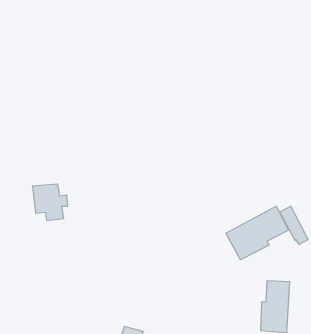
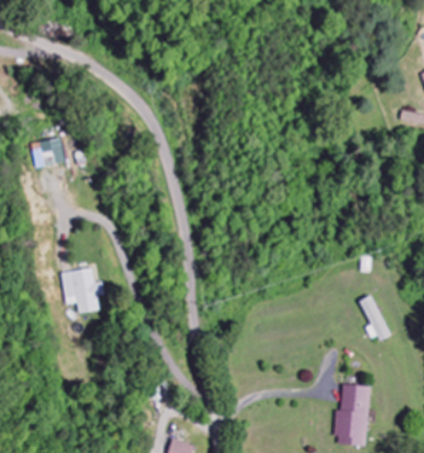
building: none -> [33,139,64,165]
building: [226,206,288,260] -> none

